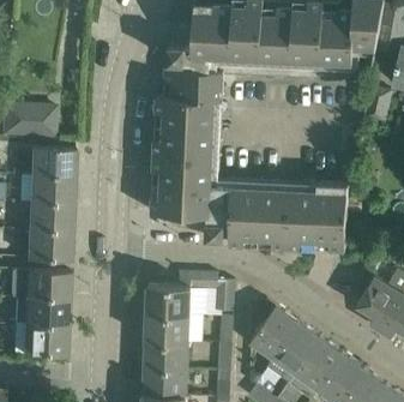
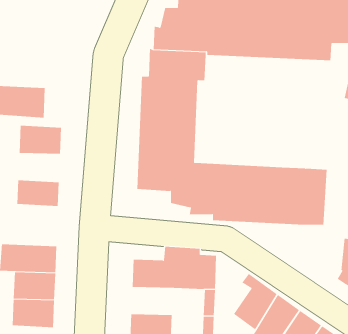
building: [29,175,73,205] -> none
building: [26,228,71,259] -> none
building: [145,313,189,342] -> none

